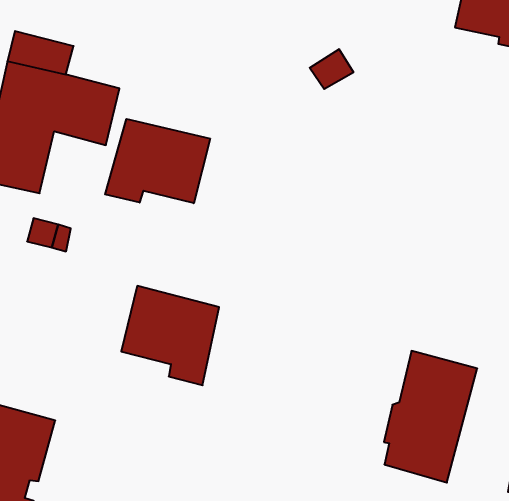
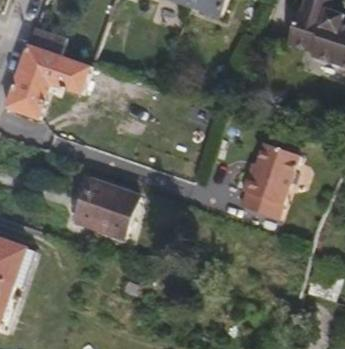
building: [105,119,210,203] -> none
building: [384,351,477,483] -> [240,143,299,221]

